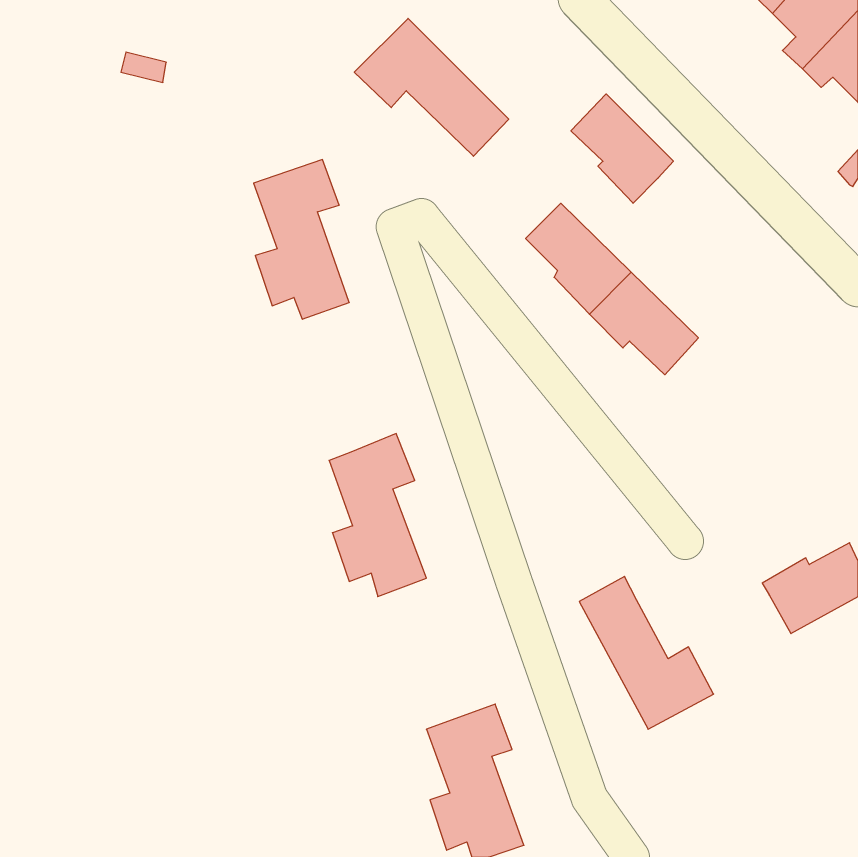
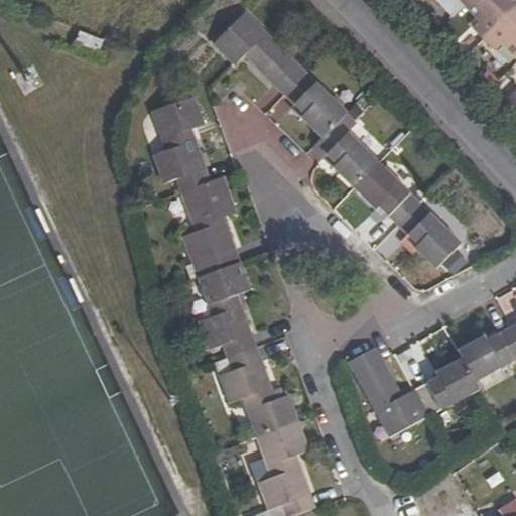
building: [571,94,673,203] -> [284,72,346,137]
building: none -> [181,176,238,271]
building: none -> [399,203,460,267]
building: none -> [219,347,297,437]
building: none -> [413,357,479,416]

